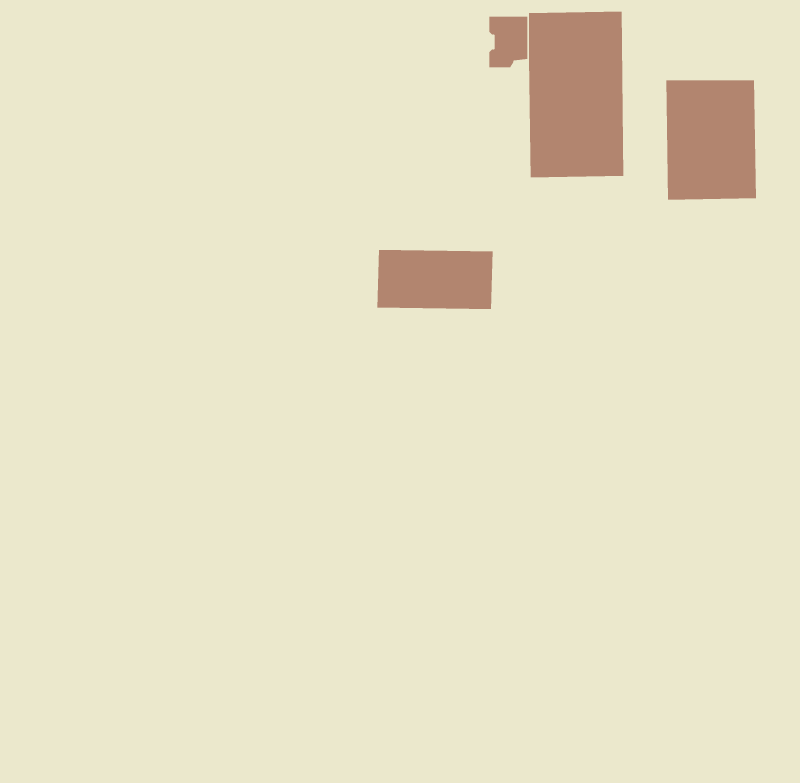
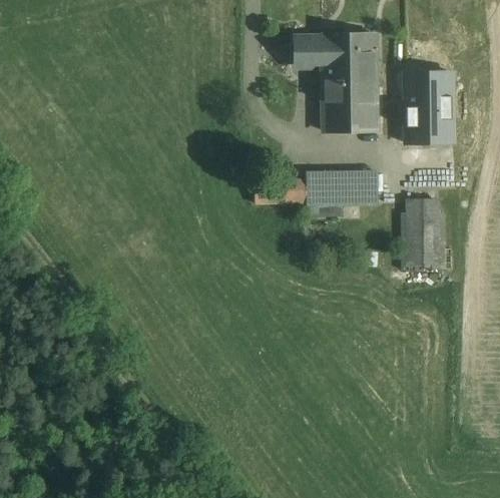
building: [377,249,494,310] -> [311,168,379,203]
building: none -> [408,196,446,270]

